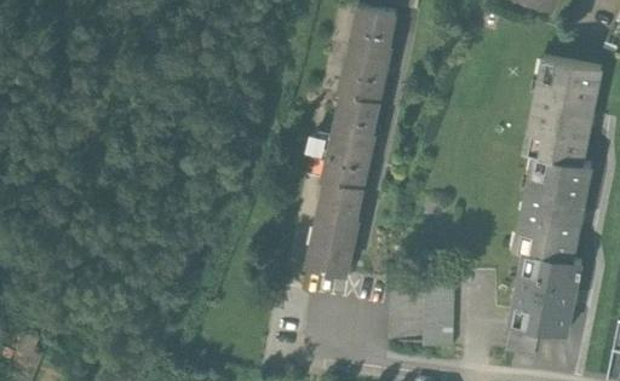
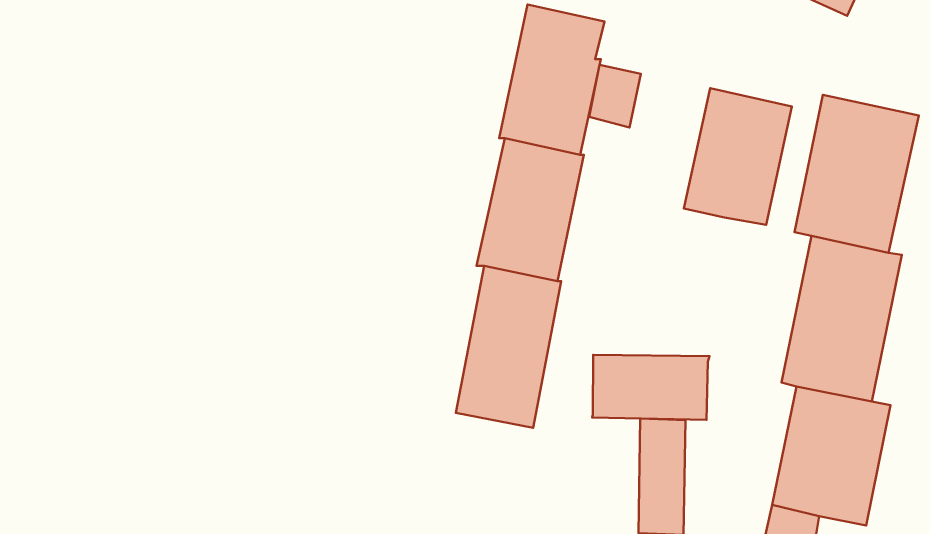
building: none -> [589,65,641,128]
building: none -> [684,88,792,225]
building: none -> [592,355,709,420]

